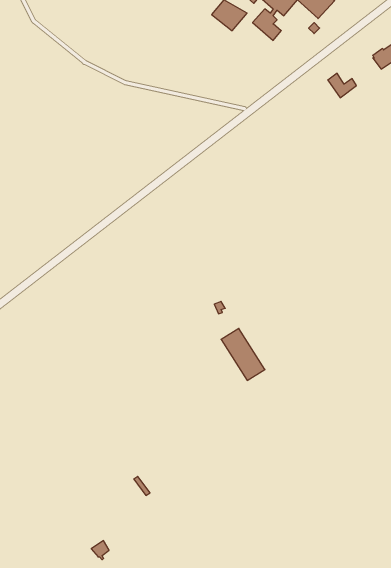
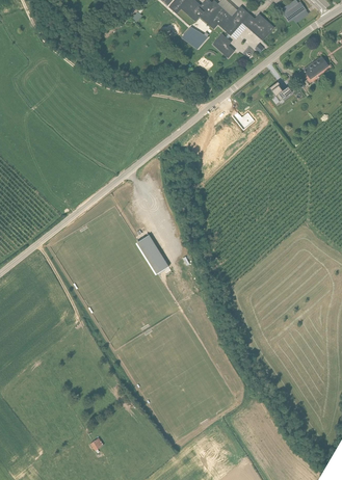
building: [221,328,265,380] -> [135,235,168,274]

